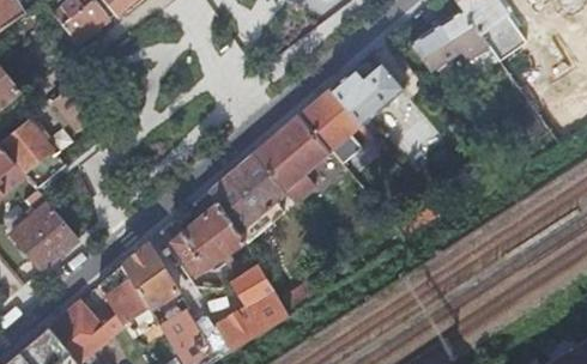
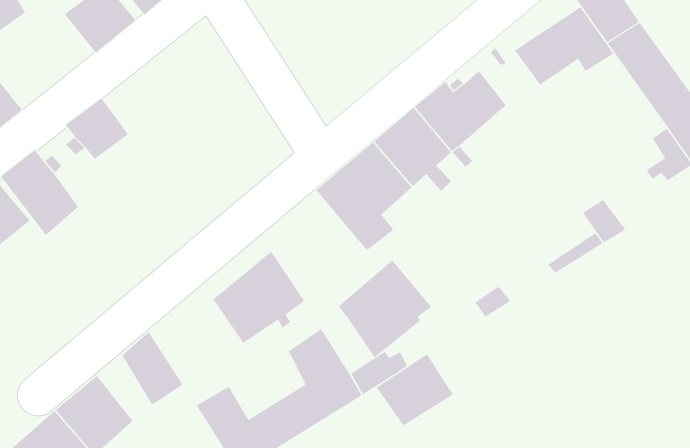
building: [210,154,284,232] -> [338,260,432,358]
building: [10,192,79,272] -> none
building: [121,244,177,308] -> none
building: none -> [376,353,453,426]

